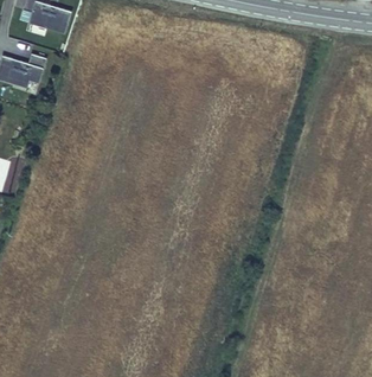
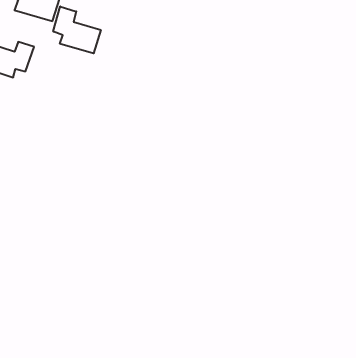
building: none -> [53,6,101,53]

